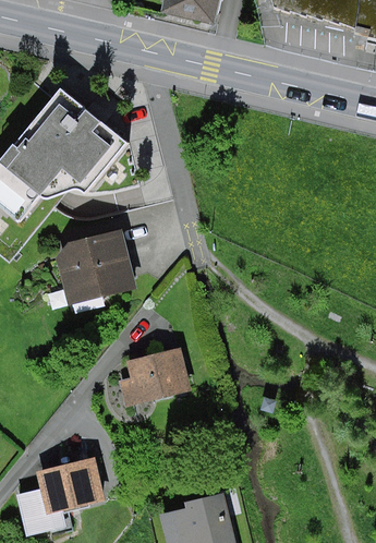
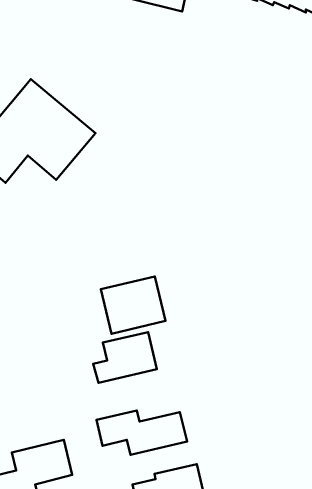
building: [58,236,124,294] -> [101,277,165,334]
building: none -> [96,411,187,455]

